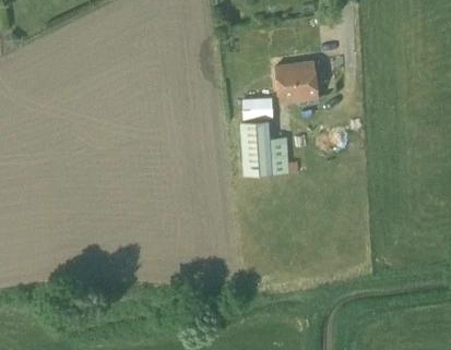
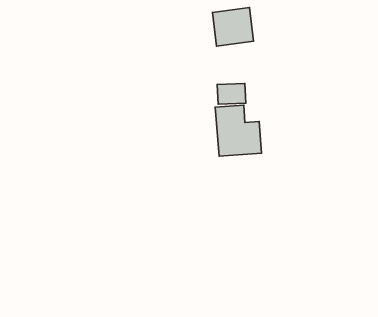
building: [274,61,318,102] -> [213,7,254,46]

